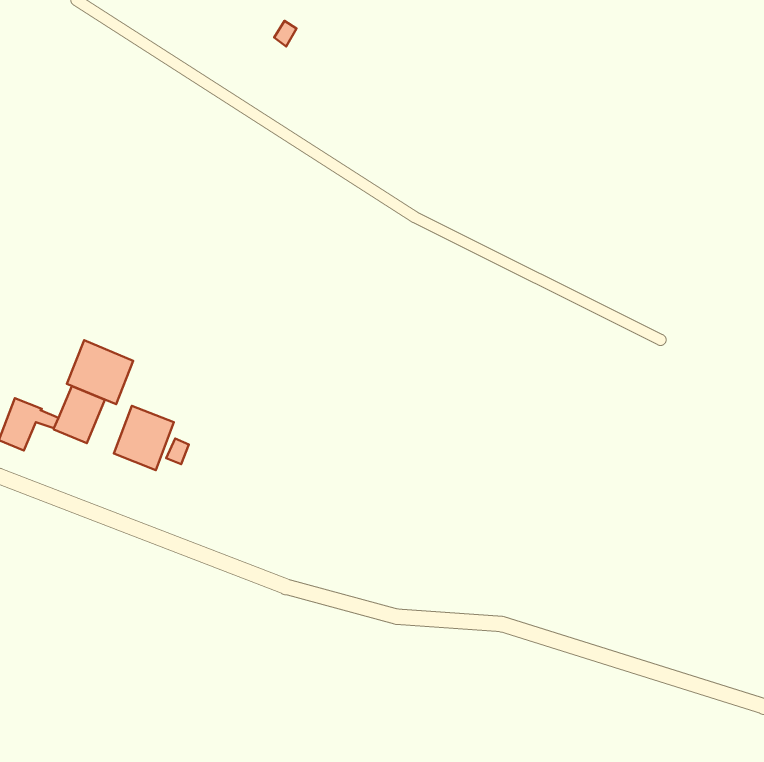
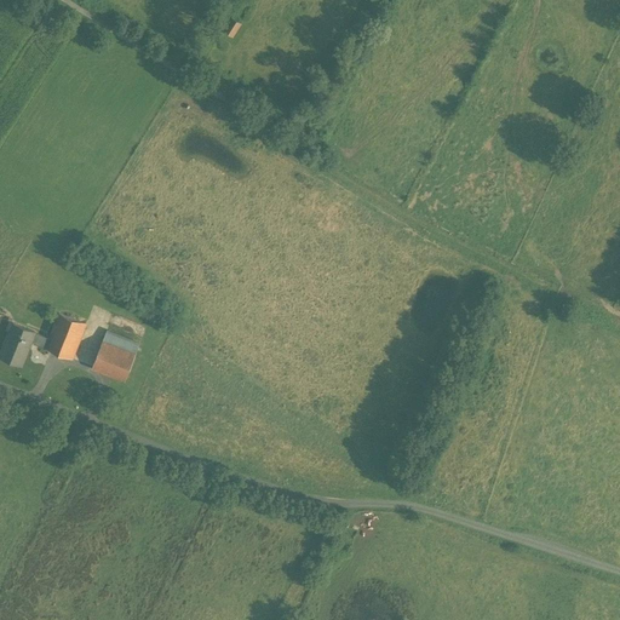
building: [67,340,133,404] -> none

